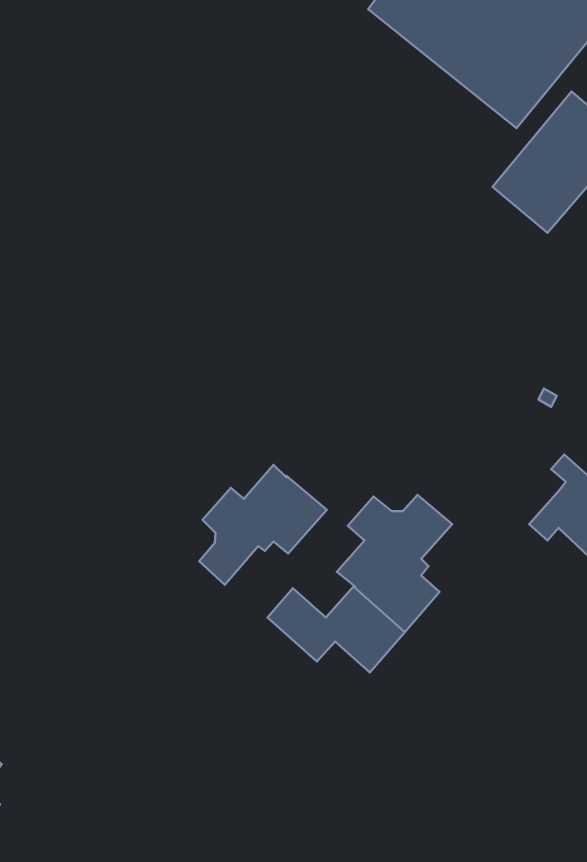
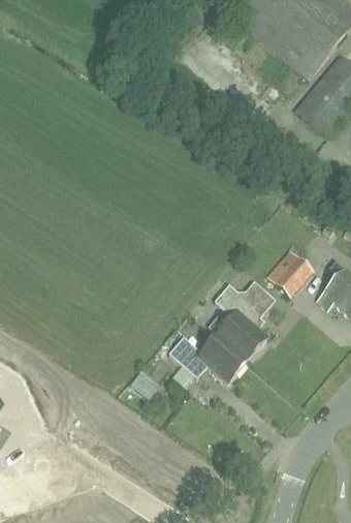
building: none -> [265,247,311,293]
building: [199,465,327,585] -> none

